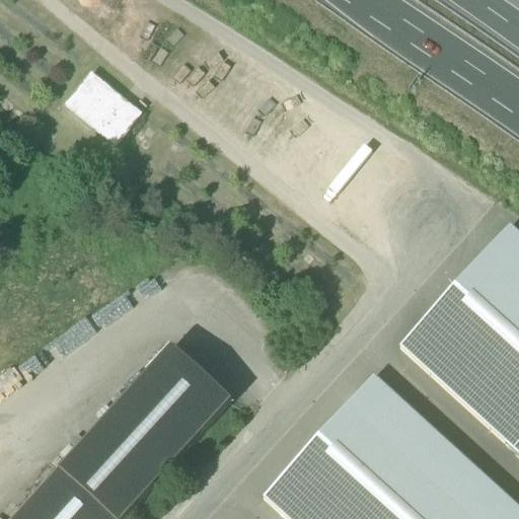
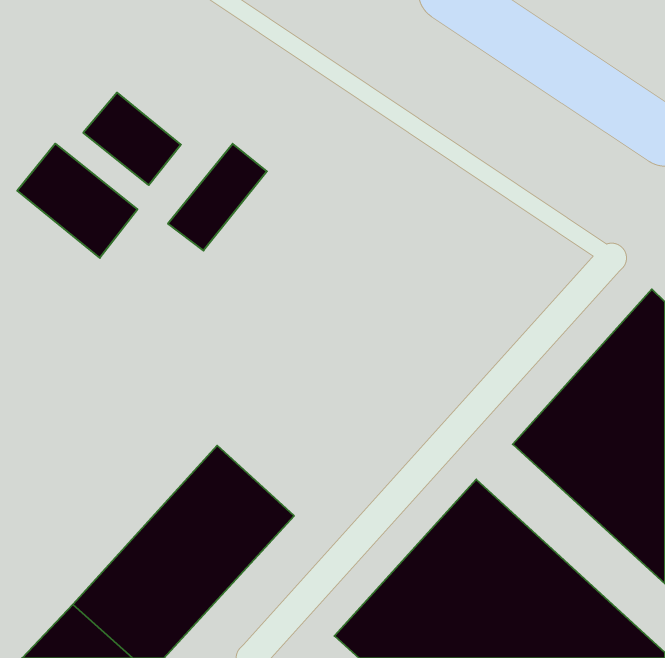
building: none -> [17,144,137,258]
building: none -> [168,144,267,251]

